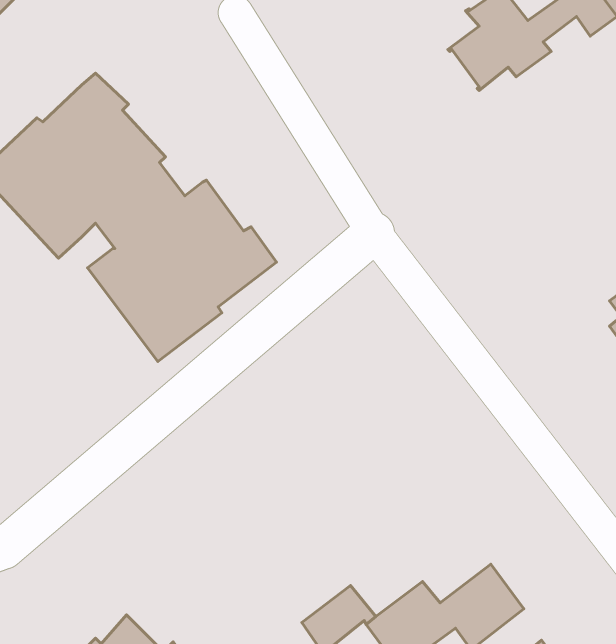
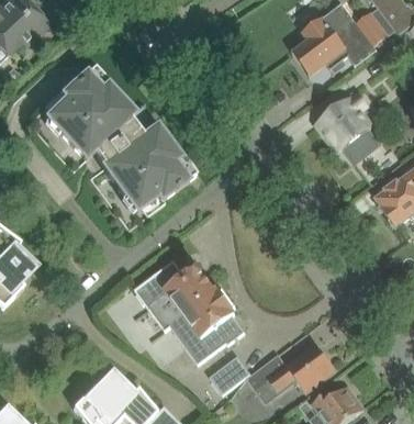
building: none -> [318,92,379,161]
building: none -> [135,260,245,364]

